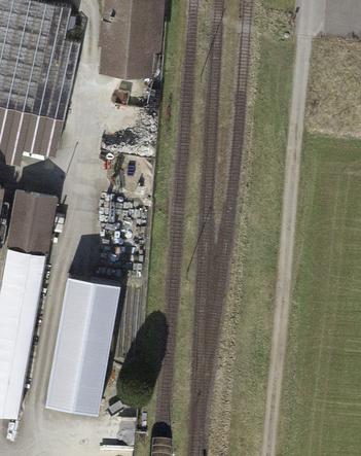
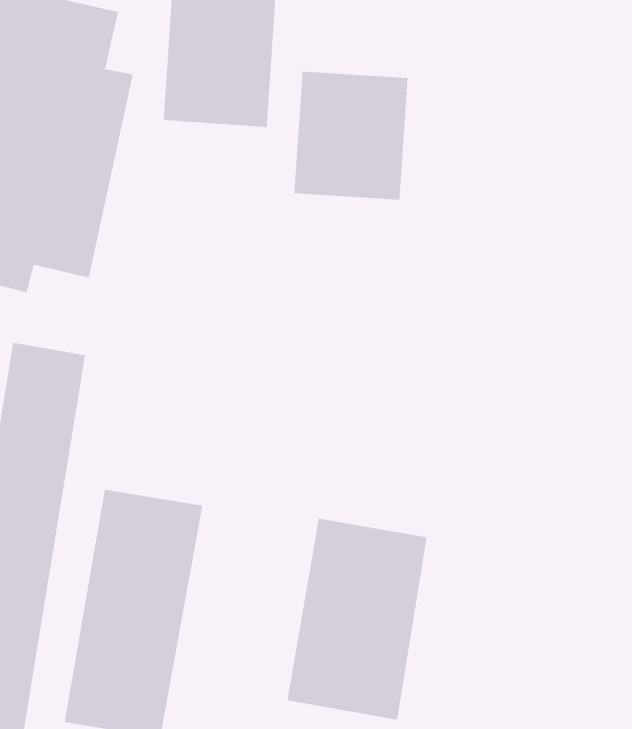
building: none -> [294,71,408,201]
building: none -> [287,518,427,720]

